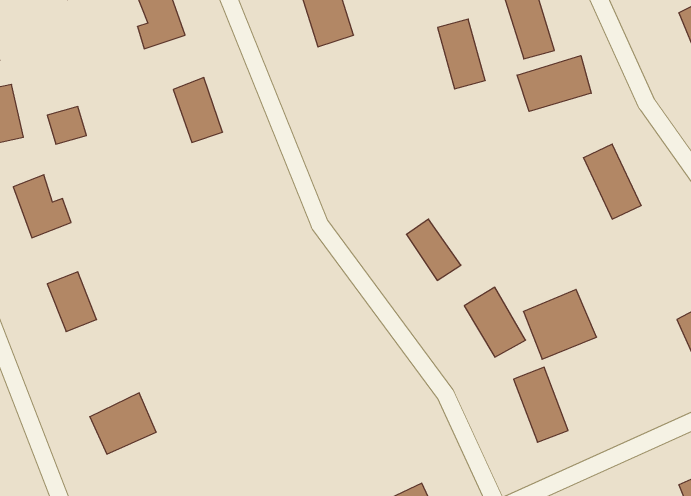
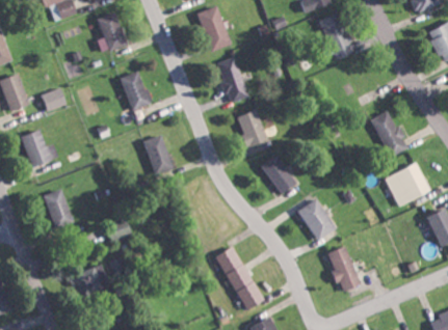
building: [438,19,485,89] -> [217,59,246,102]
building: [517,56,591,111] -> none
building: none -> [237,110,267,147]
building: none -> [144,135,170,173]
building: [523,289,597,359] -> [385,164,429,207]
building: none -> [213,247,265,311]

